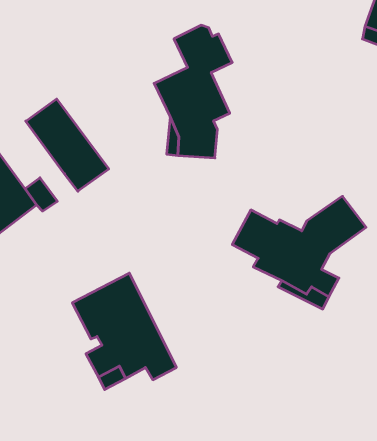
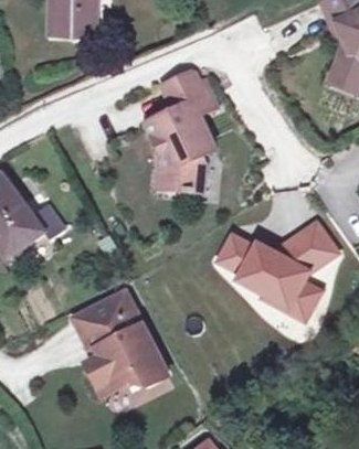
building: [26,99,109,191] -> none

